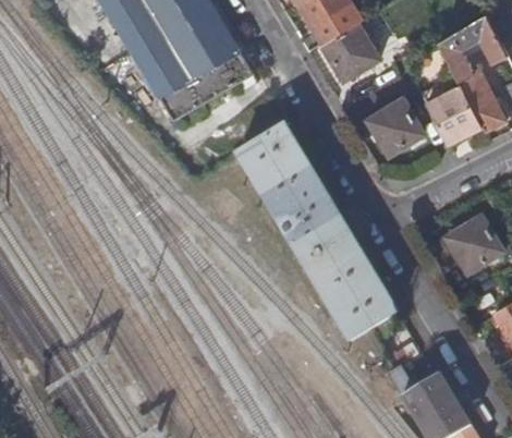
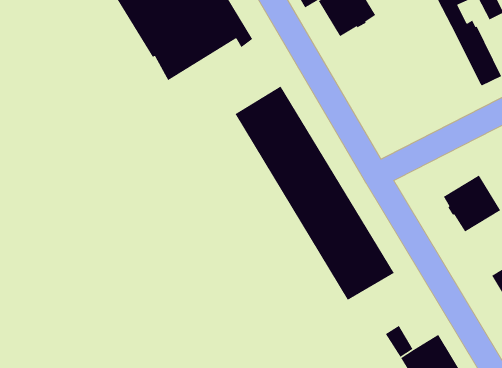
building: [428,77,481,143] -> none
building: [367,99,424,156] -> none

